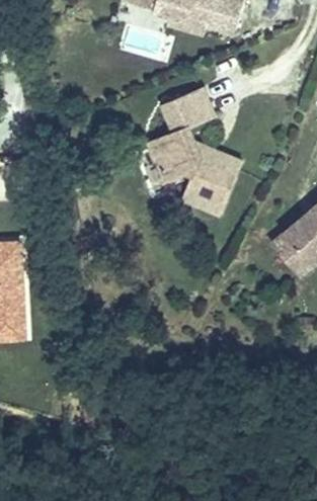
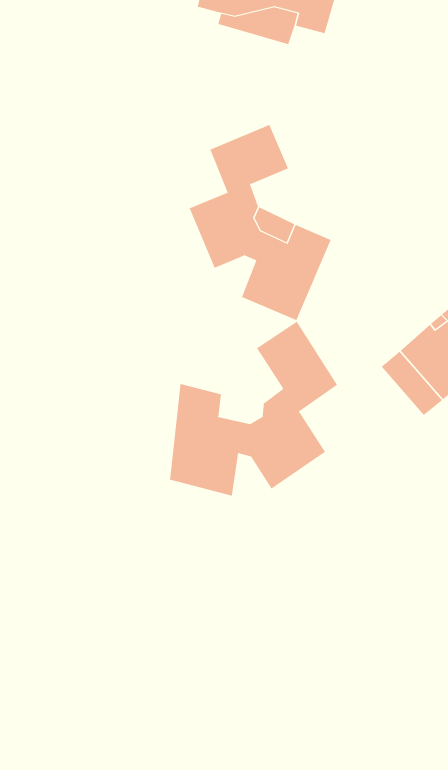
building: none -> [170,321,338,497]

